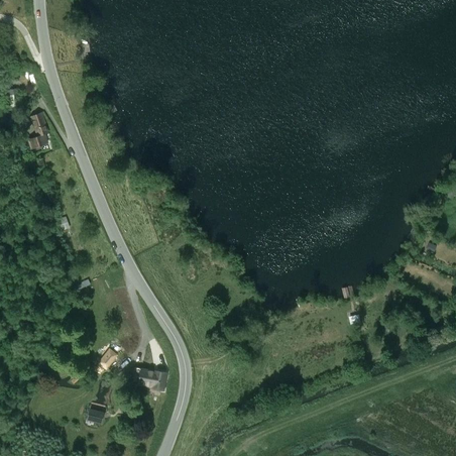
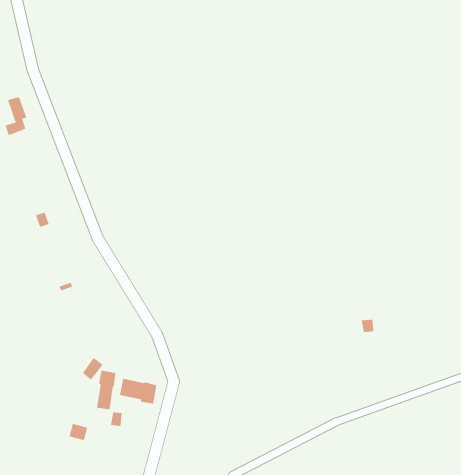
building: none -> [97,370,116,410]

